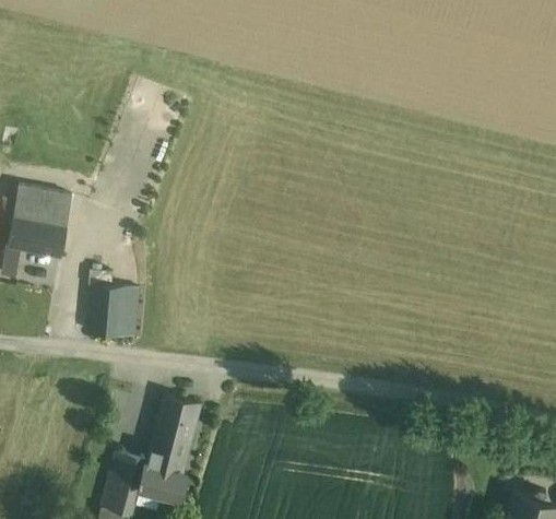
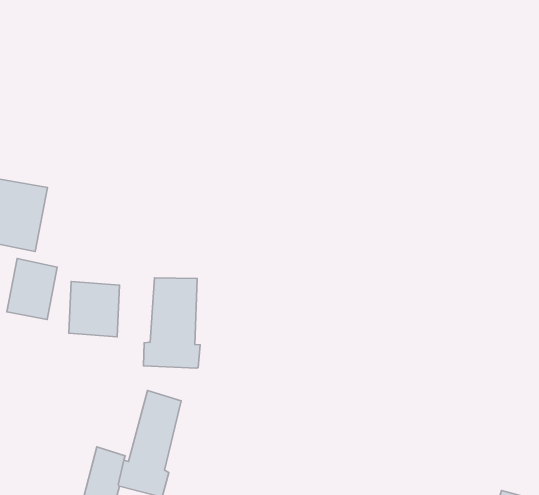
building: none -> [7,258,57,319]
building: none -> [143,278,200,368]

